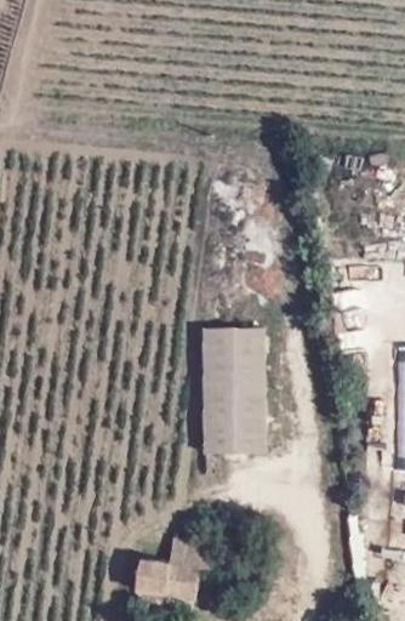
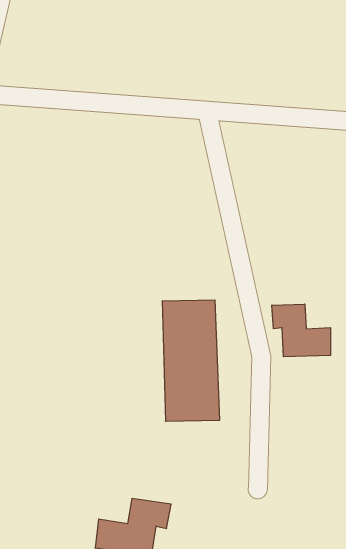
building: none -> [272,304,331,357]

